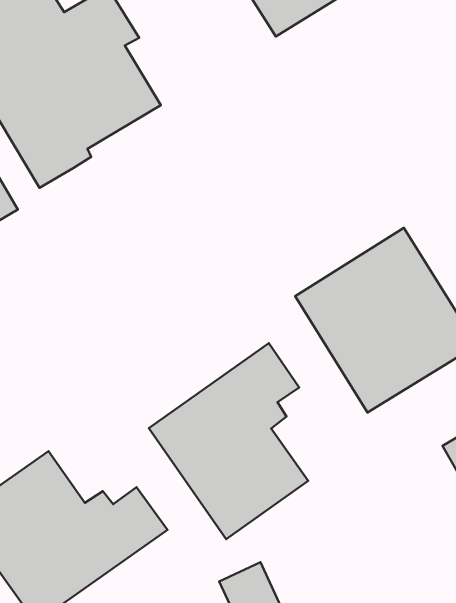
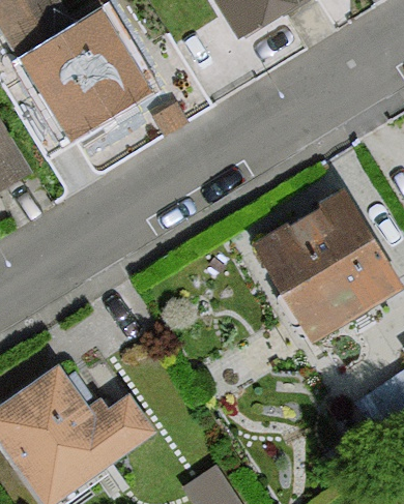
building: [149,343,308,539] -> none

